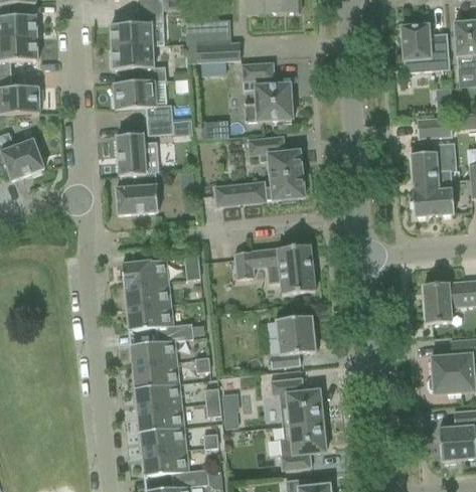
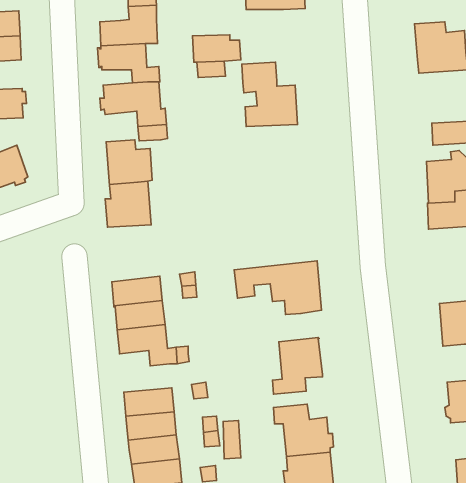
building: [215,136,307,205] -> none
building: [130,339,177,365] -> none

